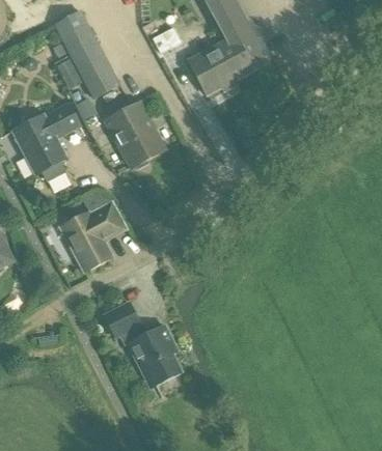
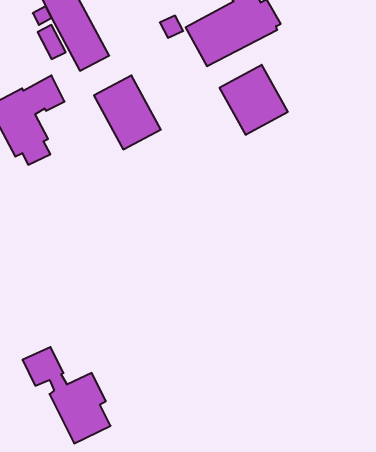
building: none -> [220,65,288,135]
building: [59,195,127,273] -> none
building: [104,303,182,388] -> [22,347,111,443]

